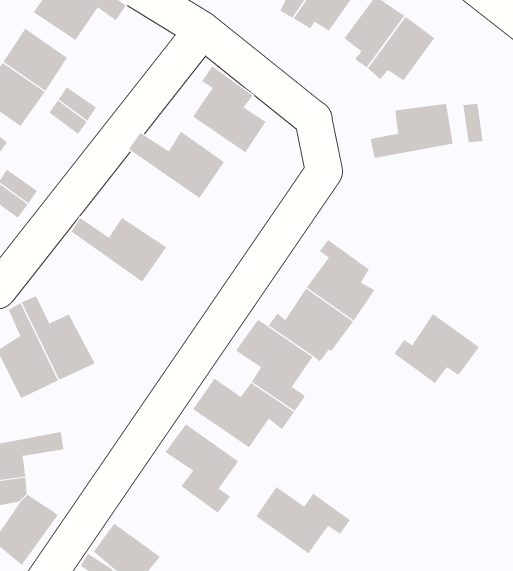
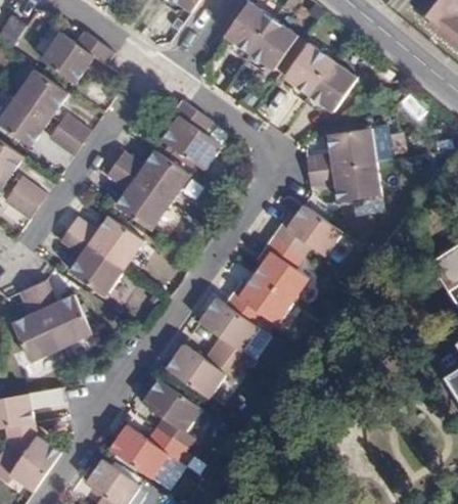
building: none -> [307,161,375,202]
building: none -> [107,165,171,230]
building: none -> [61,229,126,294]
building: [393,313,480,384] -> [271,203,338,259]
building: [255,486,351,554] -> [110,423,185,476]

